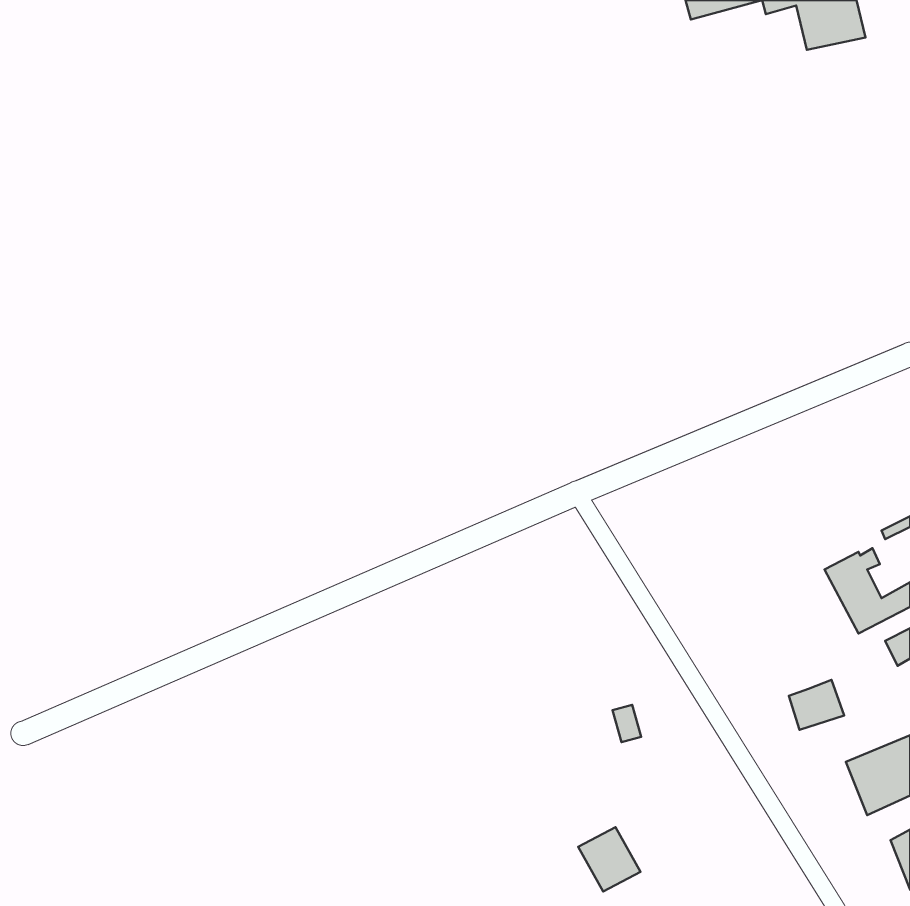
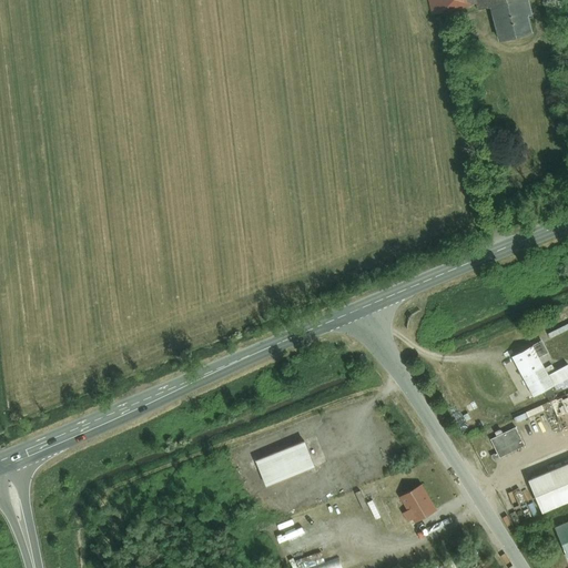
building: none -> [254,440,315,487]
building: [578,827,641,891] -> [398,484,437,524]

